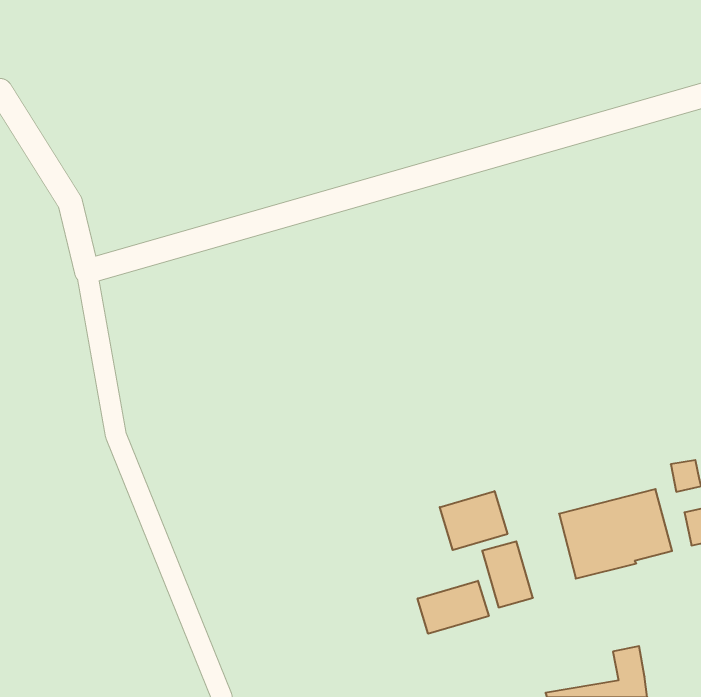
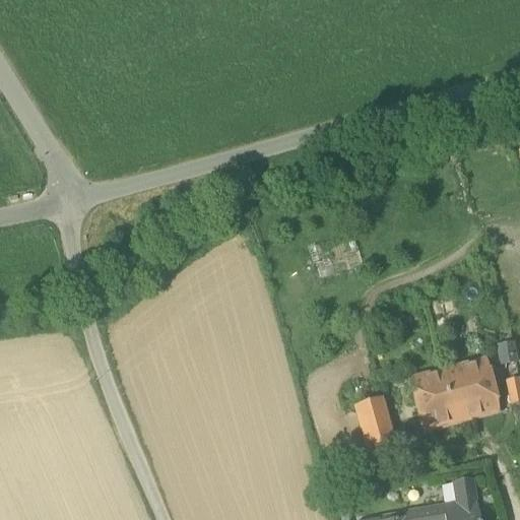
building: [440,491,507,550] -> none
building: [418,581,489,634] -> none

